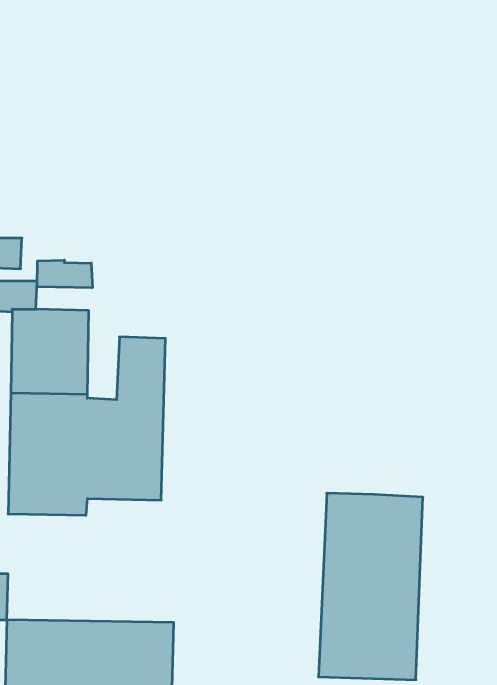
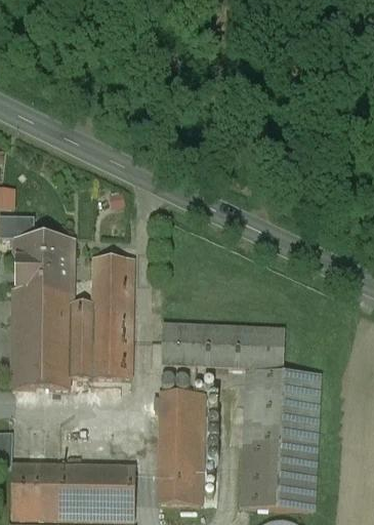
building: [37,260,92,288] -> none
building: none -> [162,323,285,371]
building: none -> [159,389,203,501]

